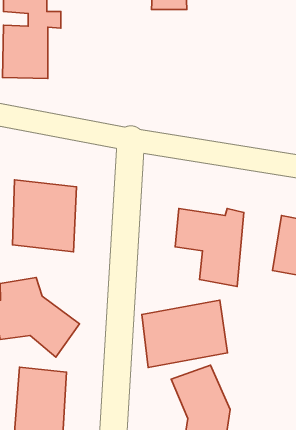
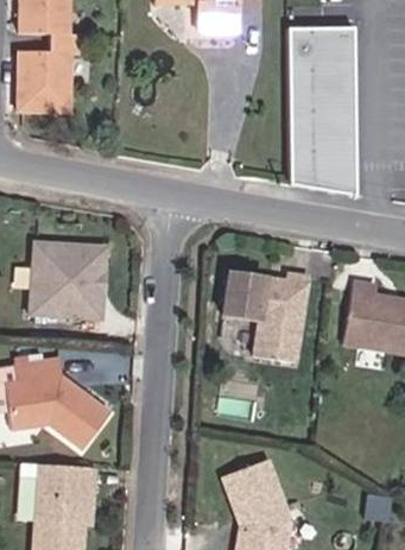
building: none -> [284,29,354,197]
building: [142,300,227,367] -> none

